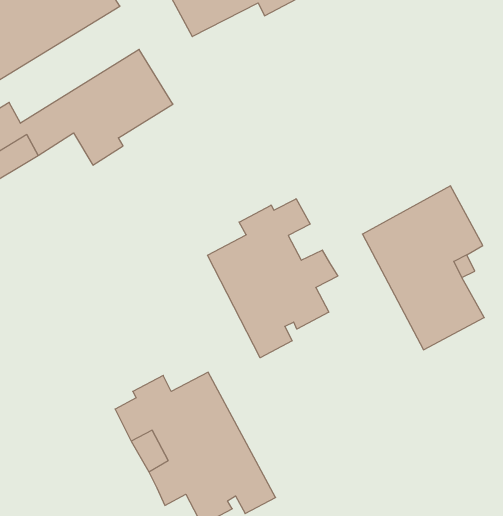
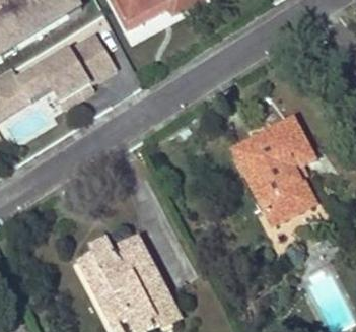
building: [208,199,338,358] -> none

